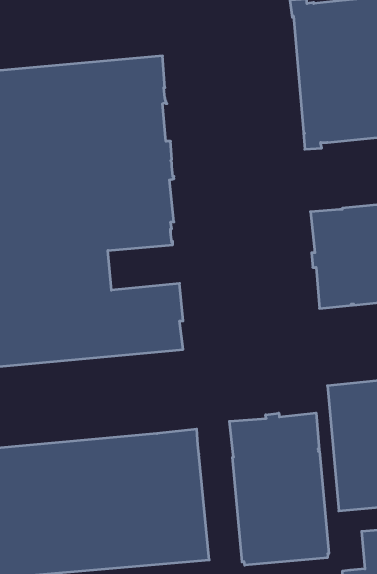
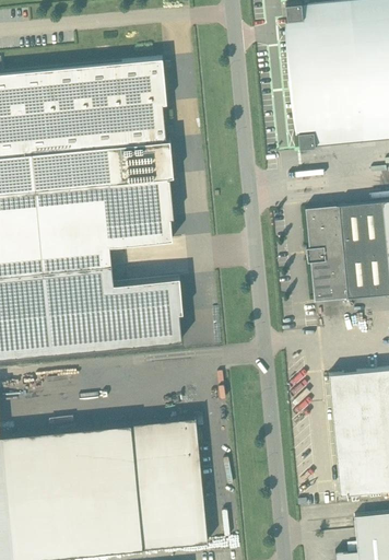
building: [229,413,329,565] -> none

